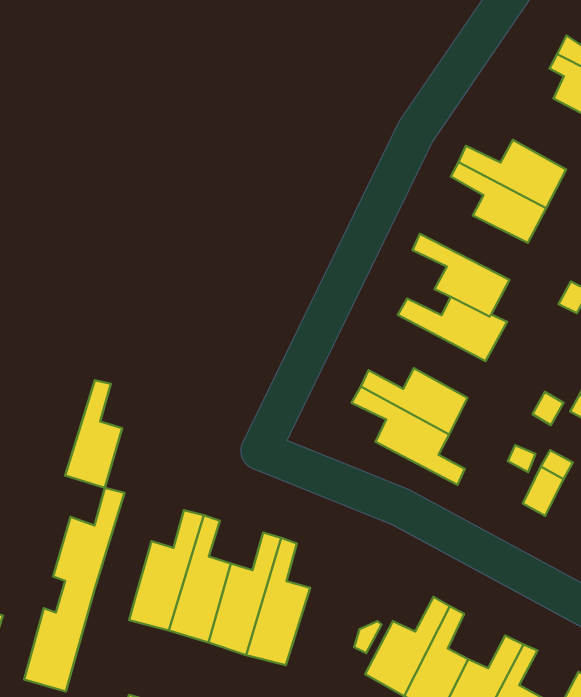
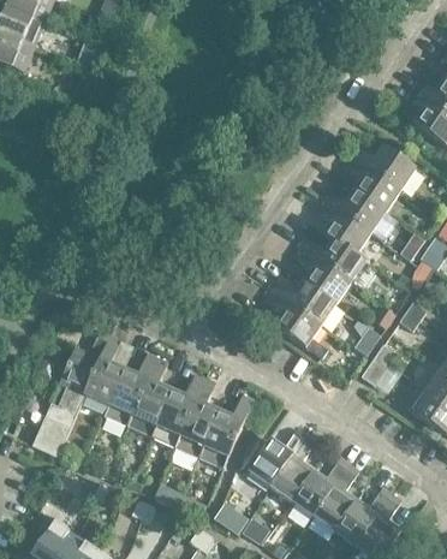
building: none -> [317,189,385,234]
building: none -> [291,248,348,305]
building: [65,380,122,488] -> [84,338,124,406]
building: none -> [198,396,254,470]

